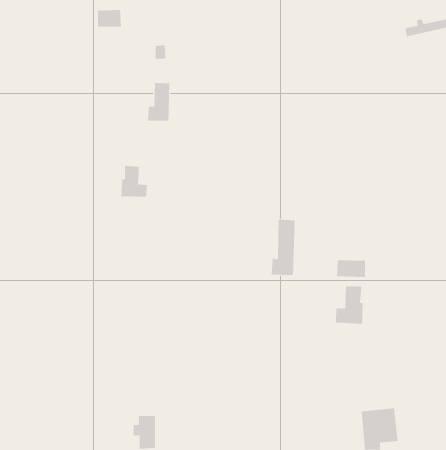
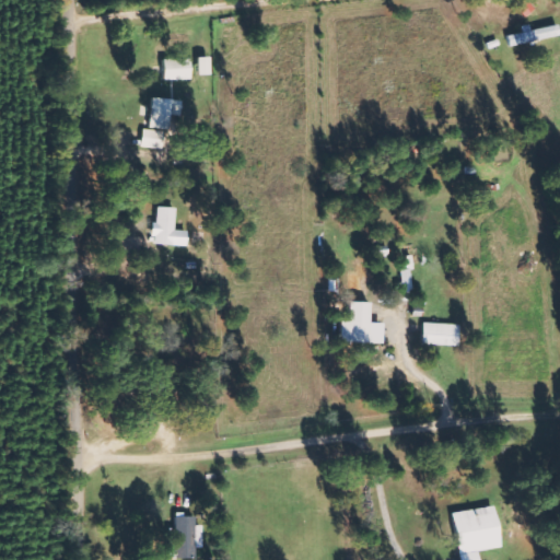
building: [97,10,122,27] -> [162,57,192,79]
building: [147,82,170,121] -> [142,98,171,147]
building: [336,286,363,325] -> none

